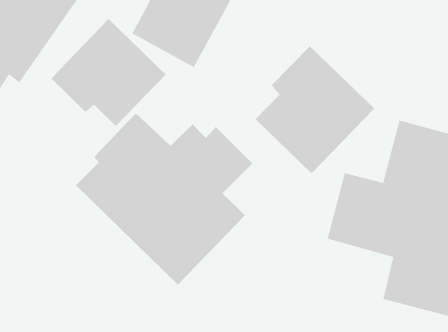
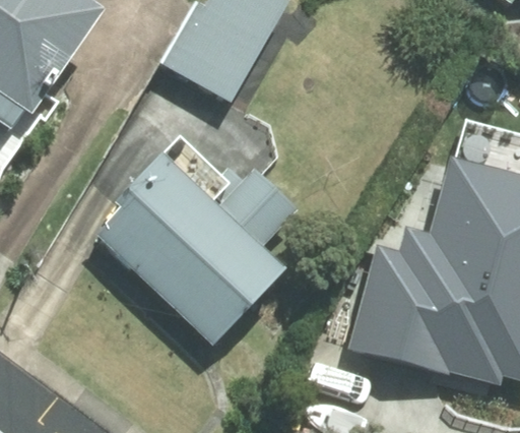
building: [50,18,166,127] -> none
building: [255,45,375,174] -> none

